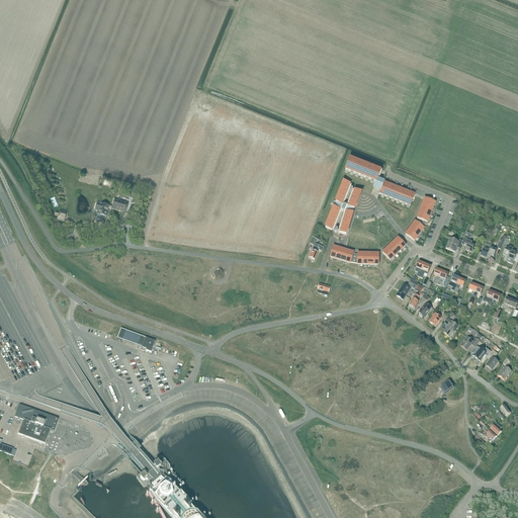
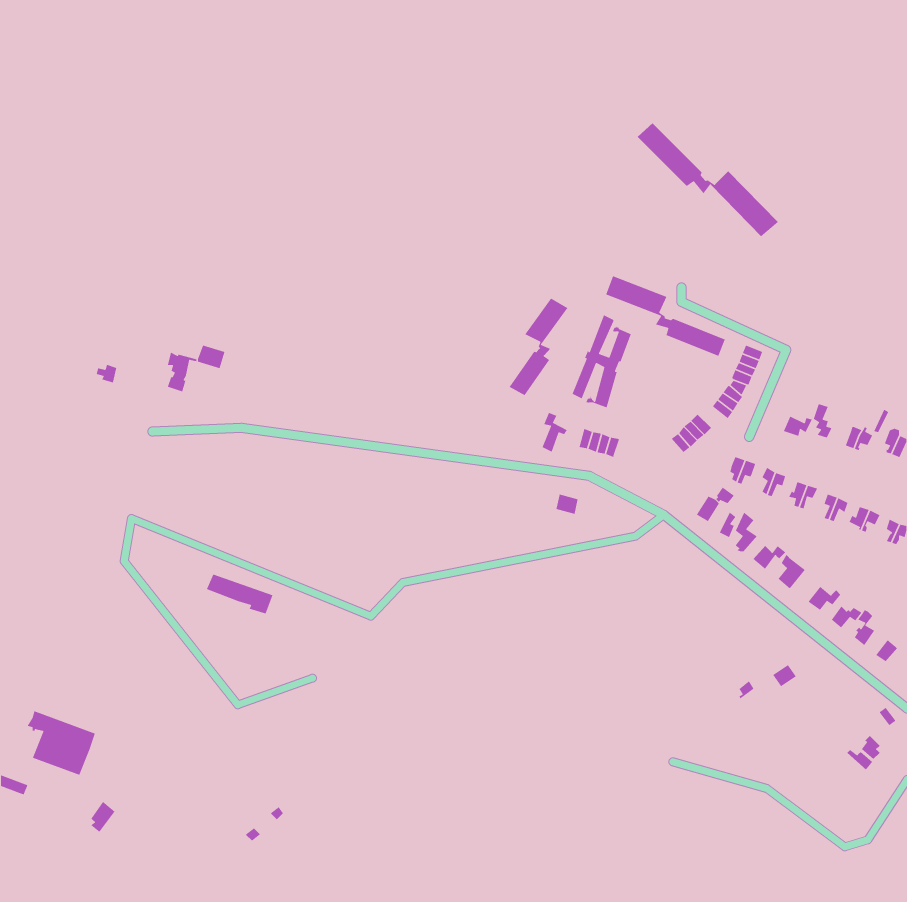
building: none -> [637,123,779,237]
building: none -> [508,298,568,396]

